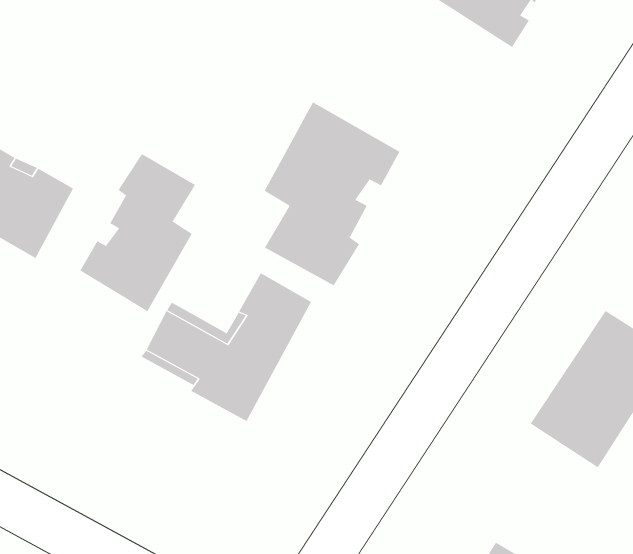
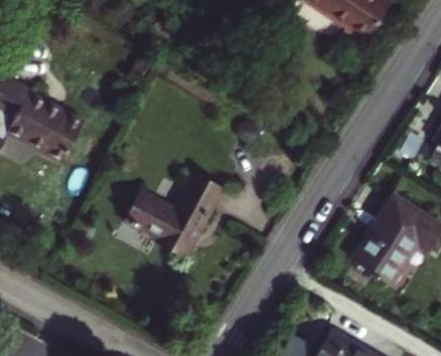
building: [264,101,400,286] -> none
building: [80,153,196,312] -> none

